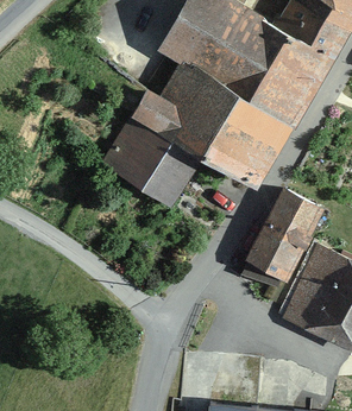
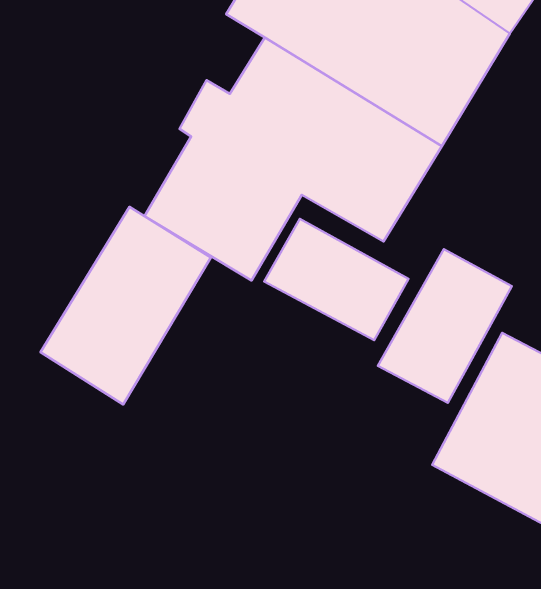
building: none -> [41,207,211,405]
building: none -> [264,219,409,340]

